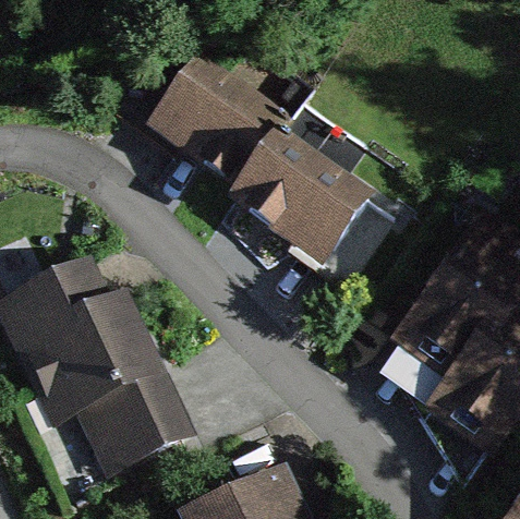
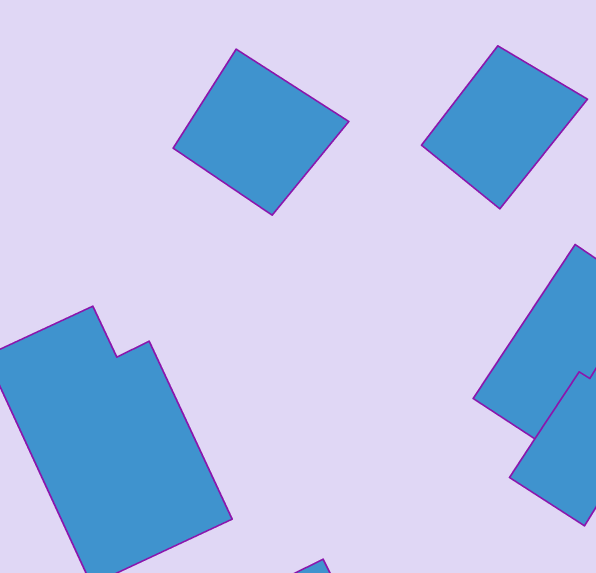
building: none -> [421,46,587,209]
building: [230,113,376,257] -> none

